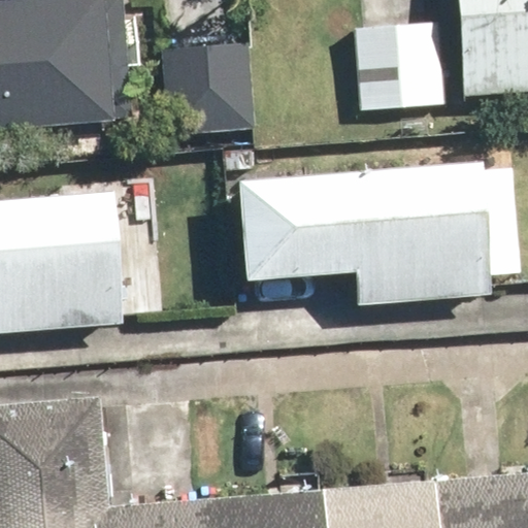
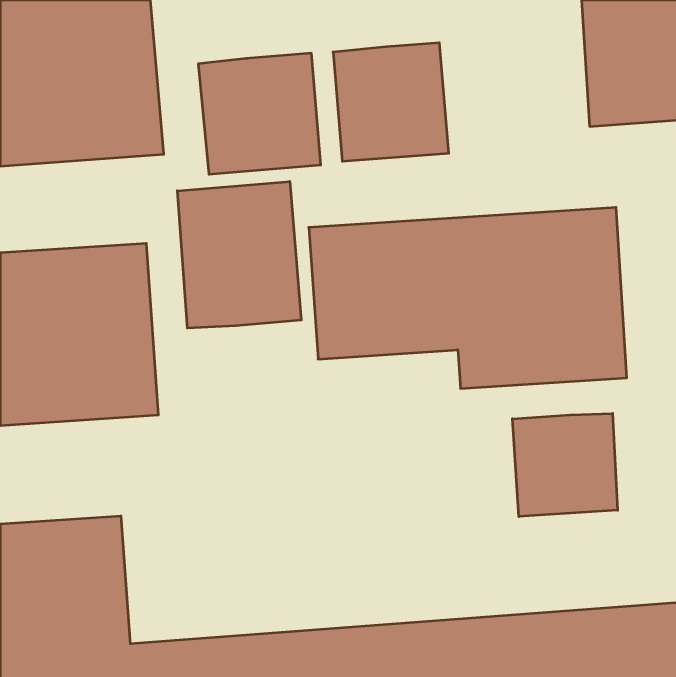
building: [353,21,442,112] -> [333,43,449,161]
building: none -> [177,181,301,328]
building: none -> [512,413,618,517]

